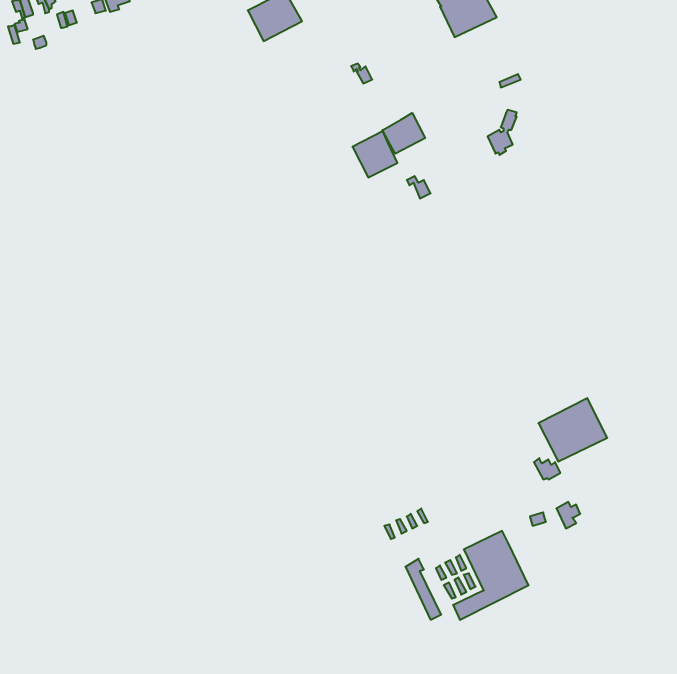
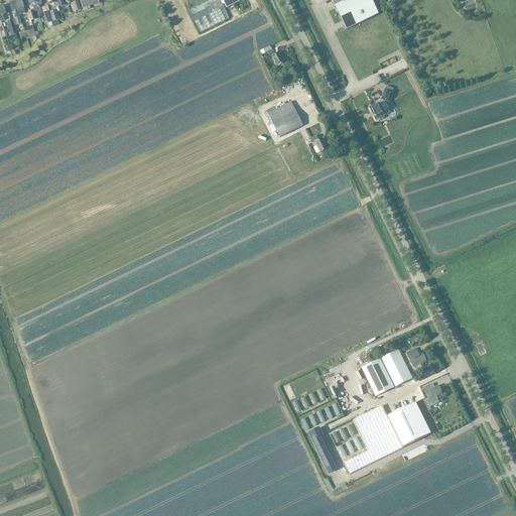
building: [382,113,425,154] -> none
building: [538,398,607,462] -> [361,348,413,396]
building: none -> [387,401,430,445]

